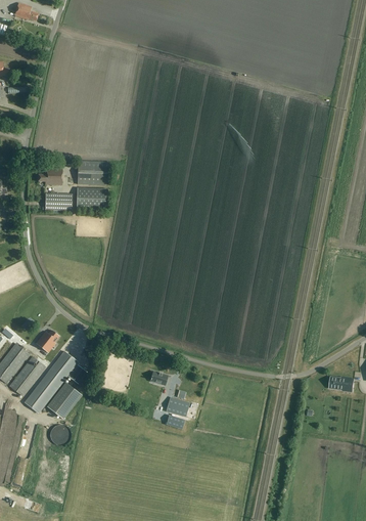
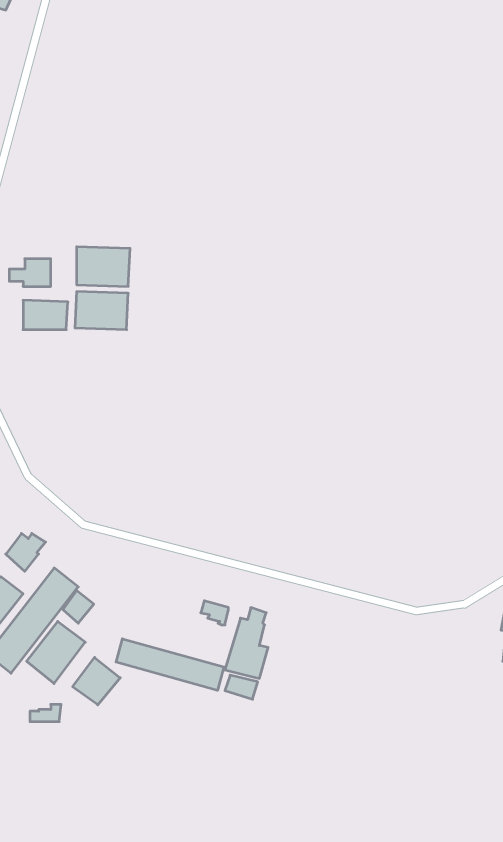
building: none -> [116,639,224,690]
building: none -> [73,657,120,705]

